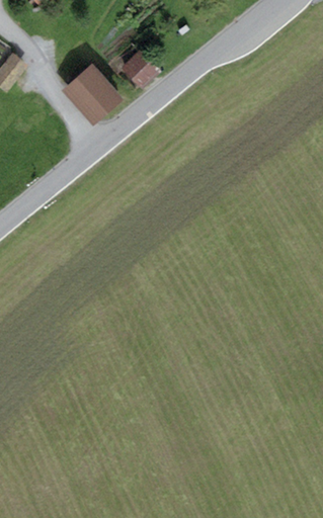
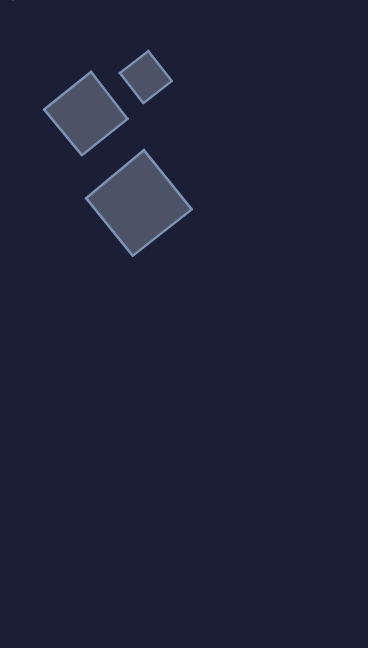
building: none -> [86,150,192,256]

